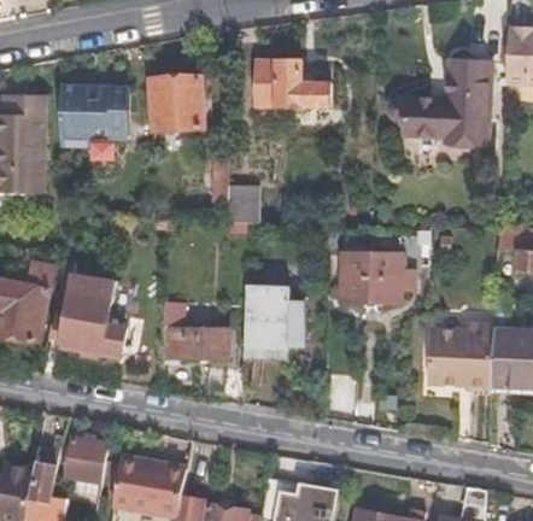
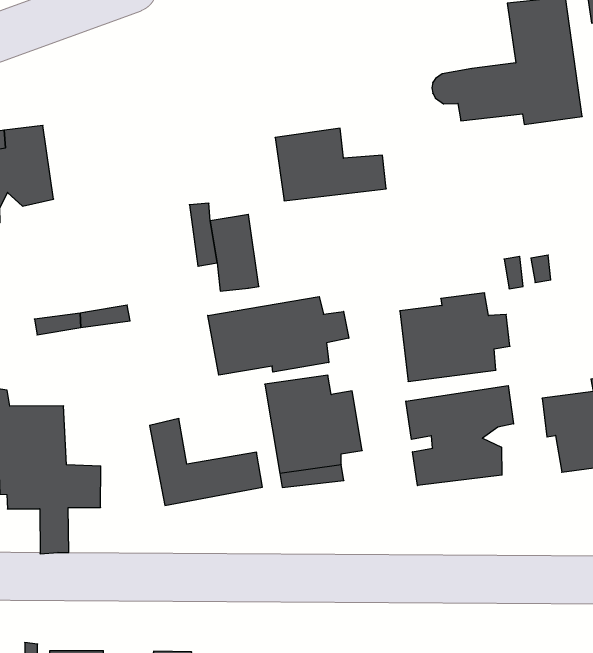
building: [257,52,328,99] -> [275,128,386,201]
building: [148,75,204,130] -> none
building: none -> [208,297,349,375]
building: none -> [406,386,514,486]

